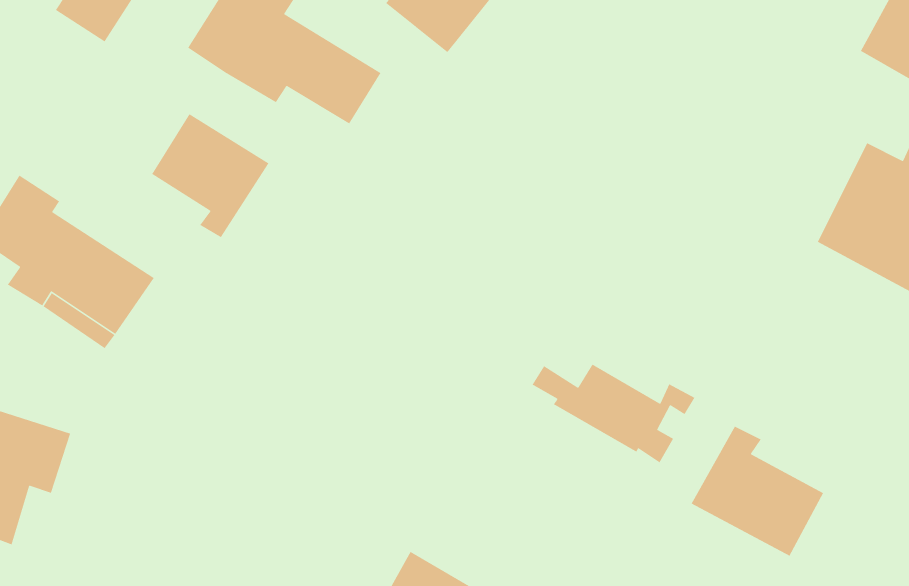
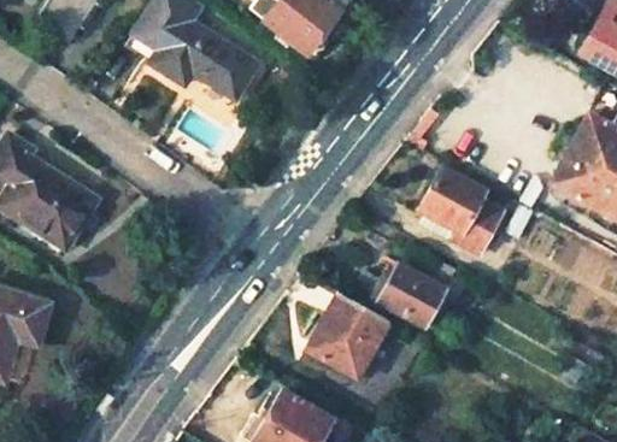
building: [151,113,270,238] -> none
building: none -> [417,169,503,252]
building: none -> [308,290,390,377]
building: [691,425,824,557] -> none

